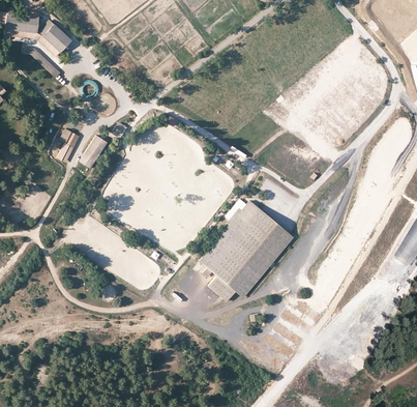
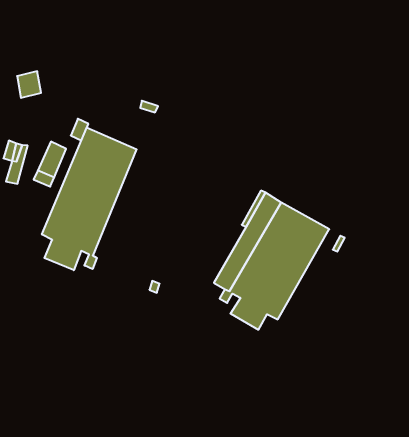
building: none -> [42,127,137,270]

